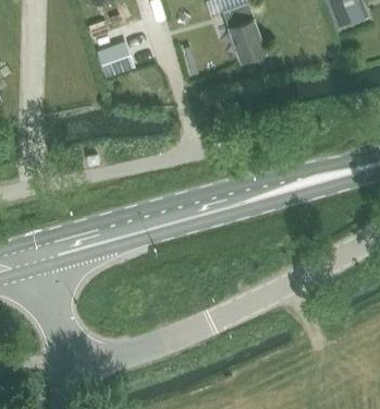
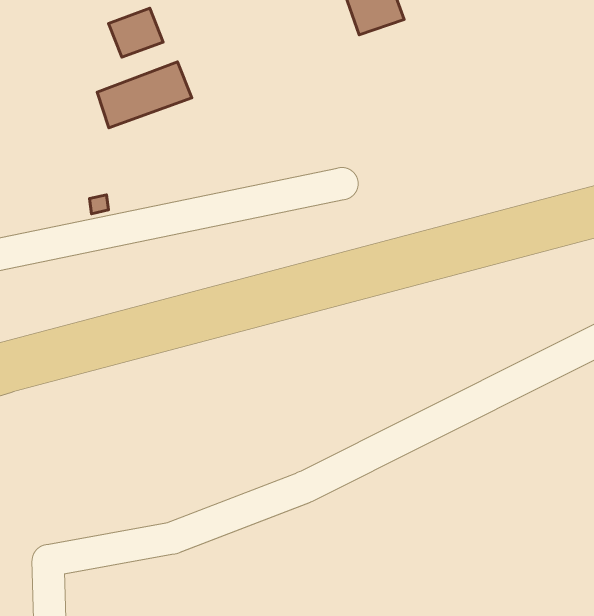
building: none -> [97,62,192,128]

